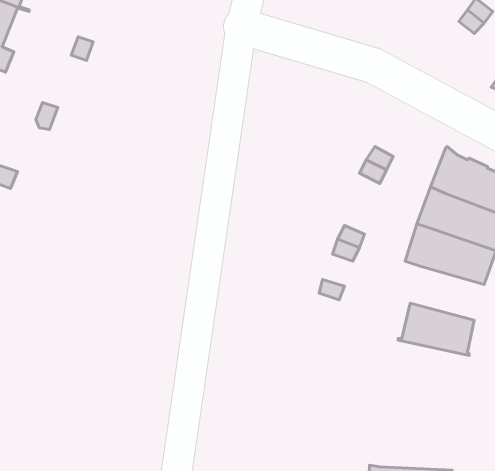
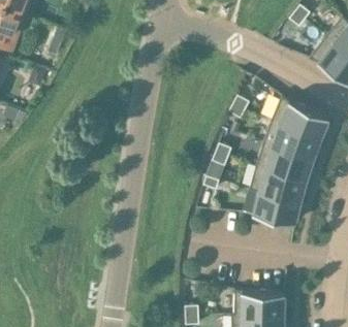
building: none -> [249,168,305,204]

